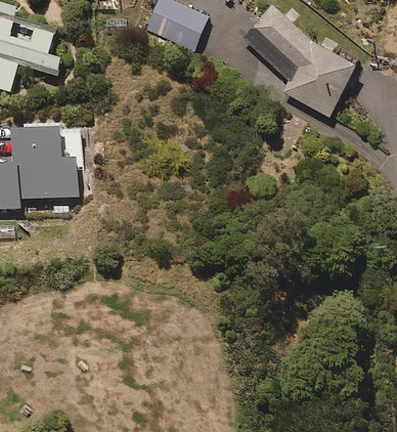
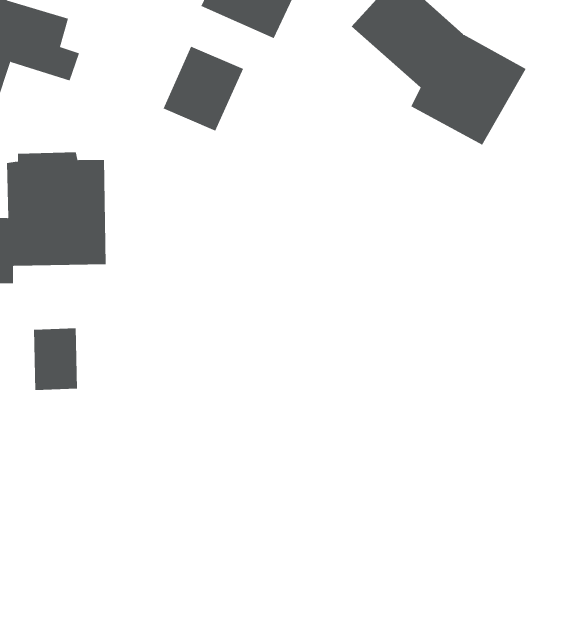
building: none -> [163,46,244,132]
building: none -> [33,328,77,391]

